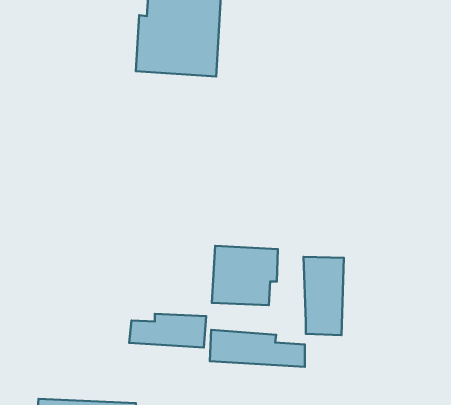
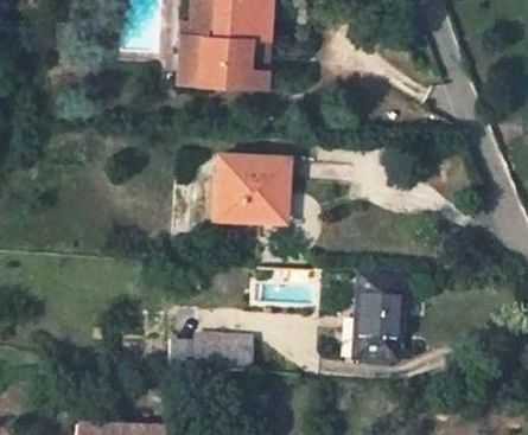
building: [212,246,278,305] -> [216,154,286,217]
building: [210,330,305,367] -> none

